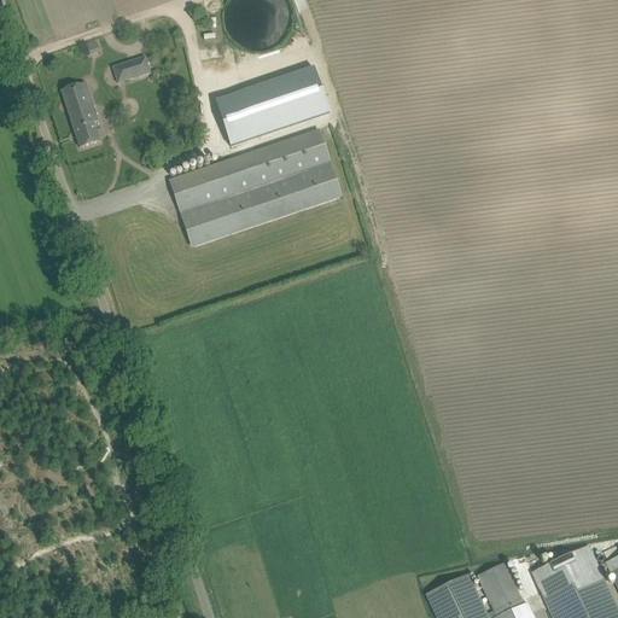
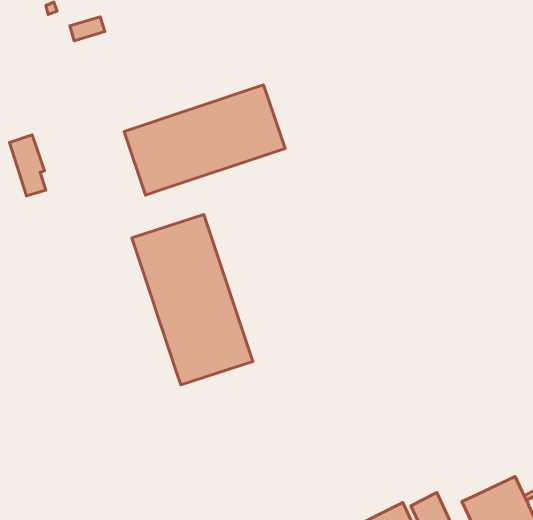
building: [217,65,331,144] -> none
building: [60,81,99,146] -> [9,135,46,196]
building: none -> [132,214,253,385]

